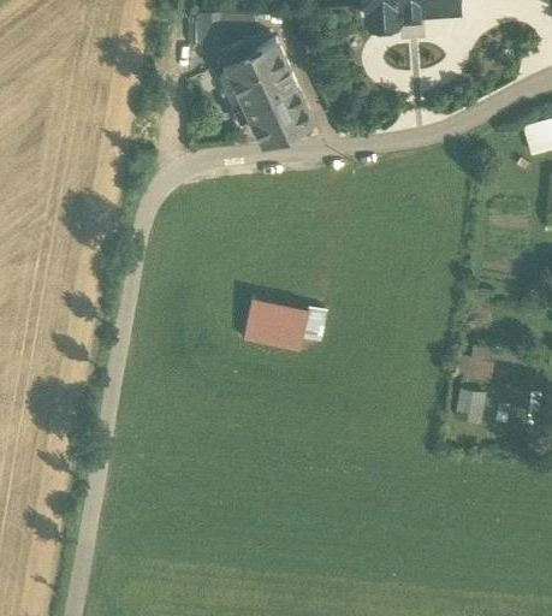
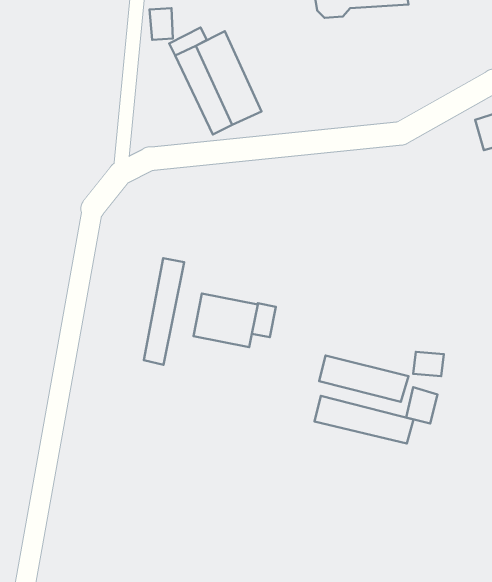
building: none -> [144,258,184,365]
building: none -> [319,356,408,402]
building: none -> [315,396,413,444]

